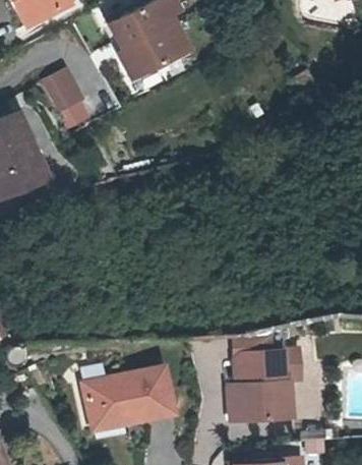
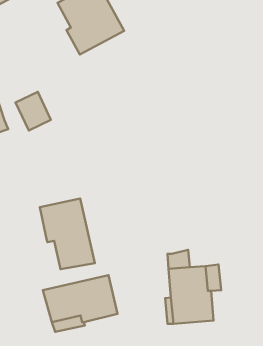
building: [42,68,85,116] -> [16,92,51,130]
building: none -> [40,199,95,269]

